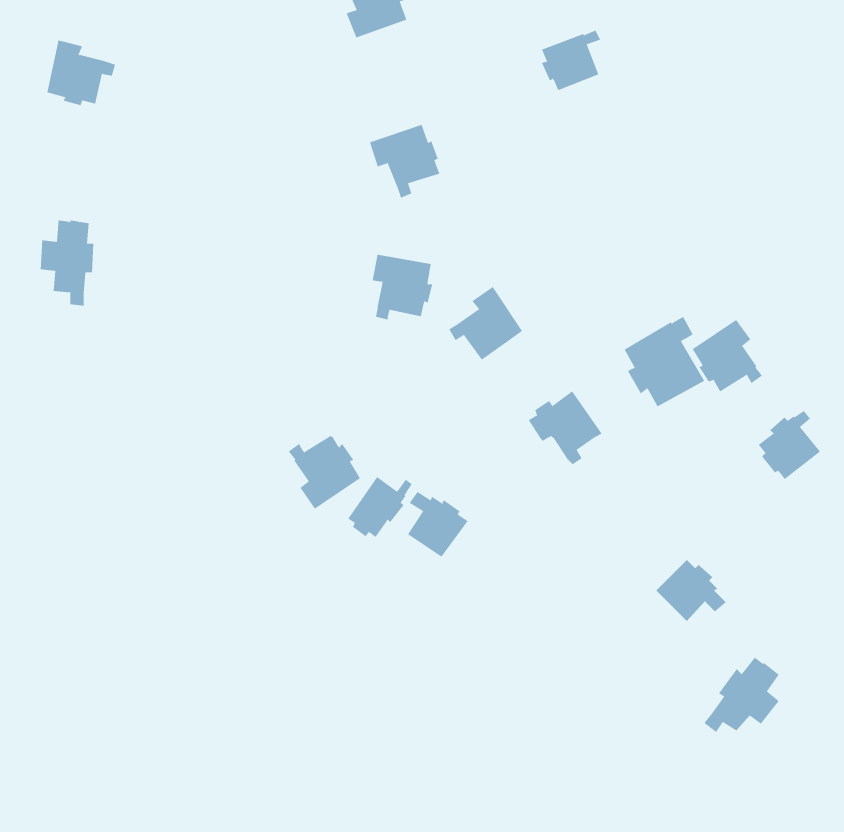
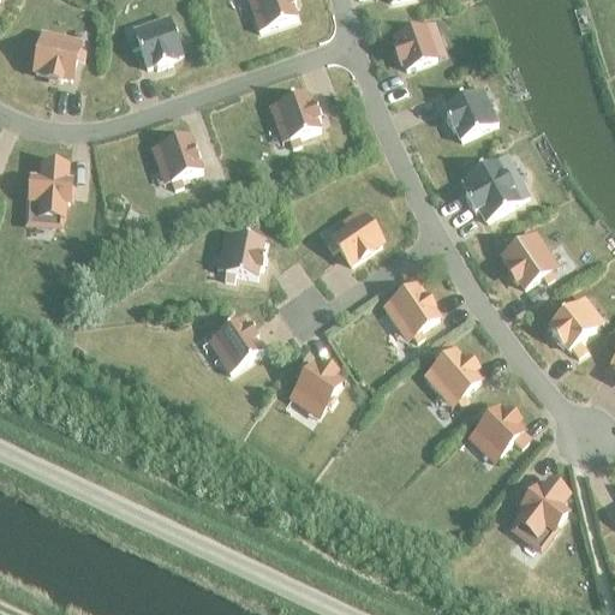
building: none -> [127,13,181,65]
building: none -> [443,82,496,137]
building: none -> [150,131,201,185]
building: [372,254,433,320] -> [220,229,264,277]
building: [624,316,705,407] -> [461,151,520,217]
building: [347,476,412,538] -> none
building: none -> [425,348,479,402]

